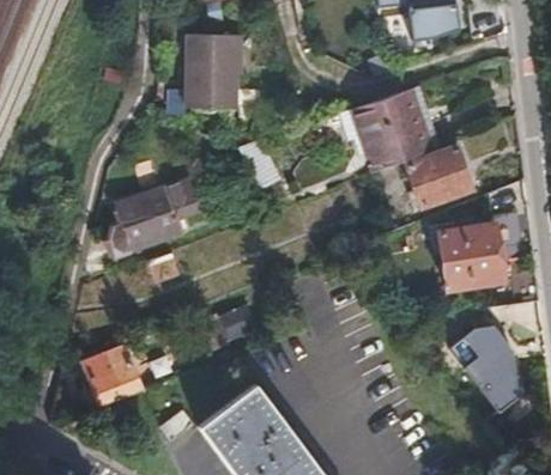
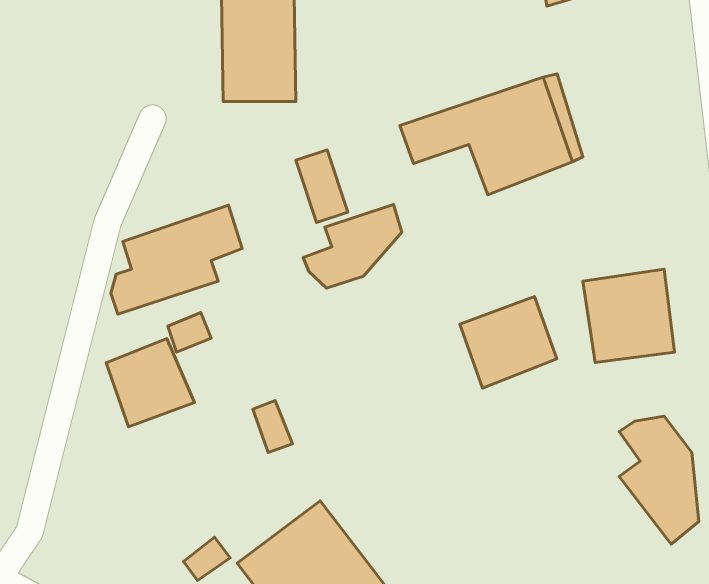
building: [406,146,473,209] -> [460,297,557,388]
building: none -> [303,205,402,288]
building: [83,346,144,407] -> [106,339,194,427]

